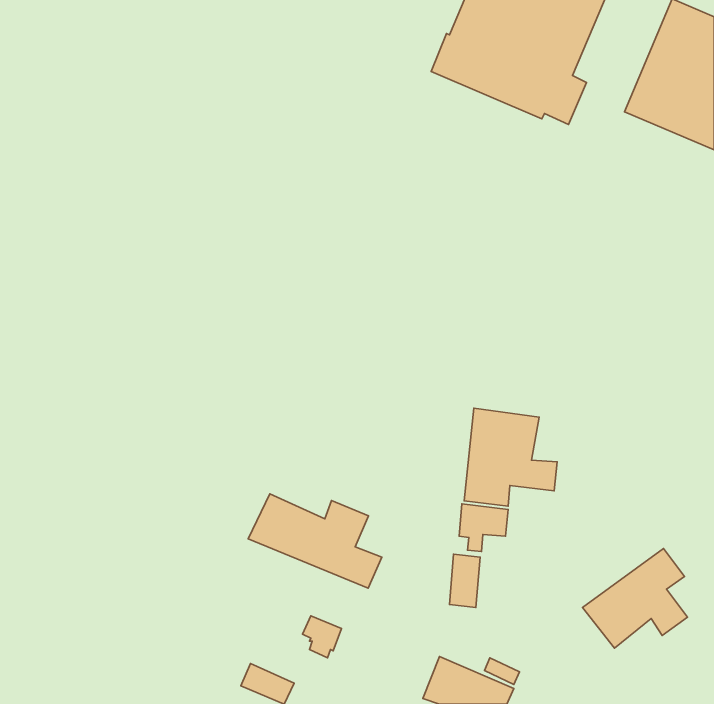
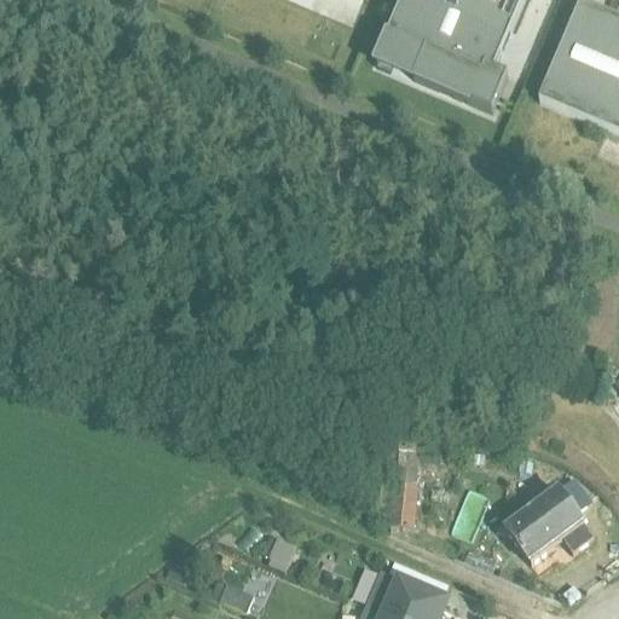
building: [464,408,557,506] -> none
building: [248,494,382,588] -> none

